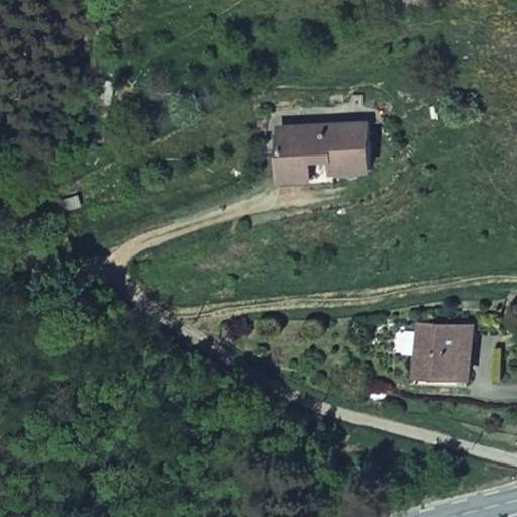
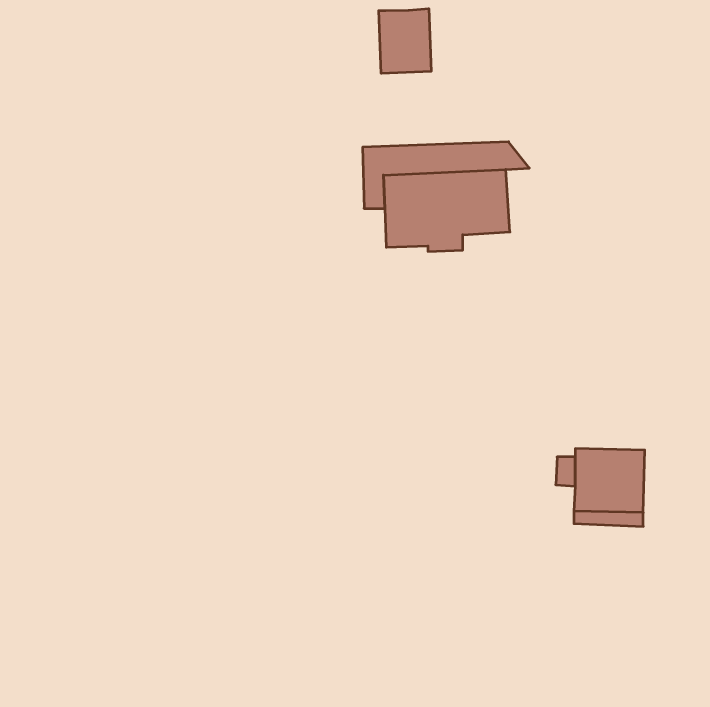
building: none -> [379,9,431,73]

